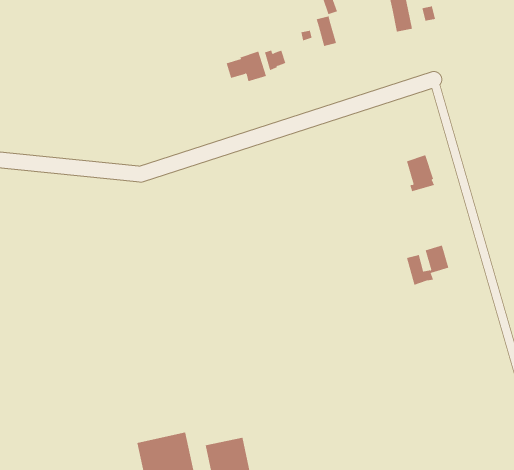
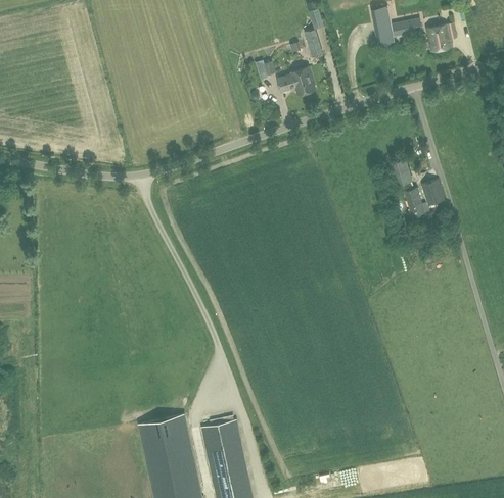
building: none -> [426,23,456,51]
building: [226,51,267,82] -> [277,66,315,95]
building: [406,245,449,285] -> [405,179,445,216]

